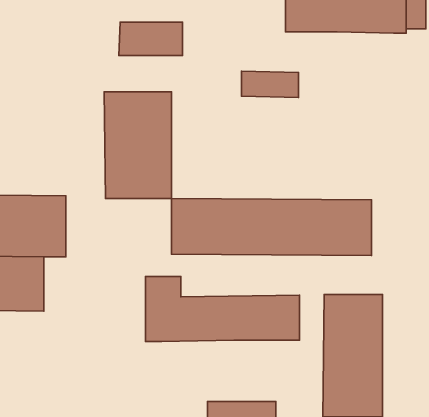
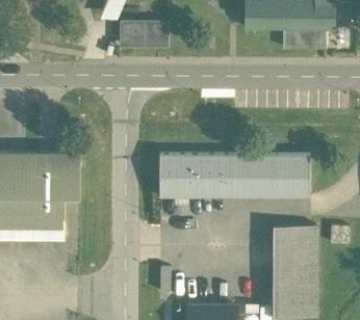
building: [242,71,298,98] -> [282,28,325,48]
building: [104,92,172,199] -> none
building: [146,277,300,342] -> none

